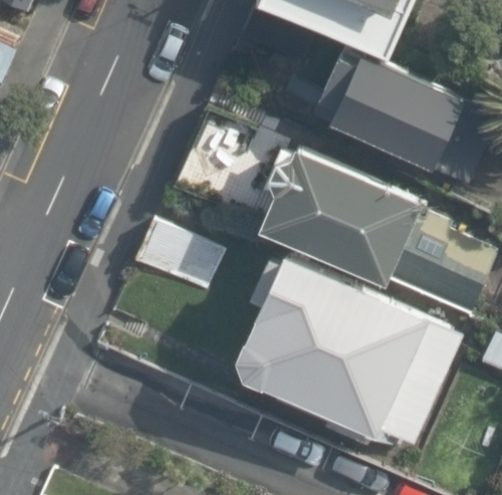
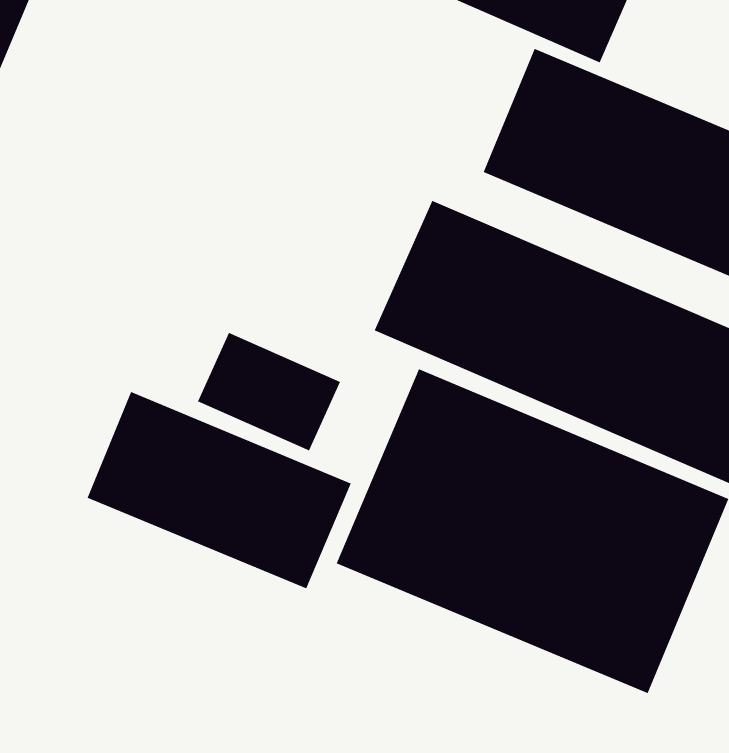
building: none -> [87,391,351,589]

